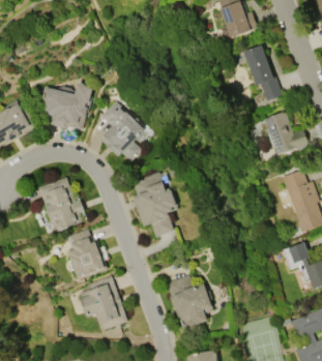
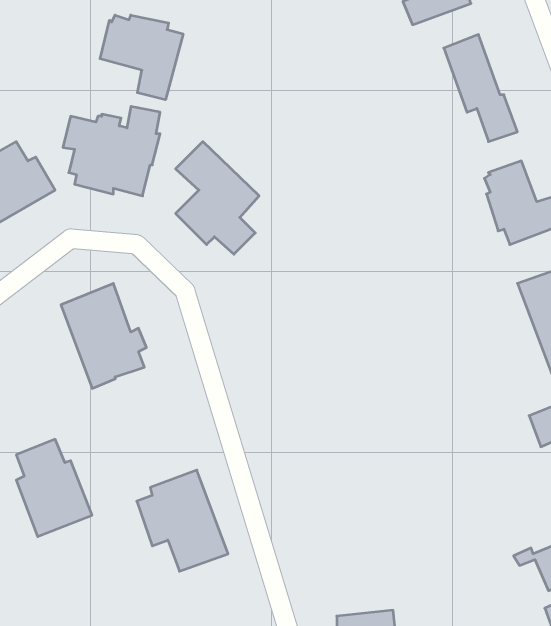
building: none -> [100,15,183,100]
building: [131,172,177,238] -> none
building: [66,229,107,280] -> [16,439,92,537]
building: [165,274,213,333] -> none

